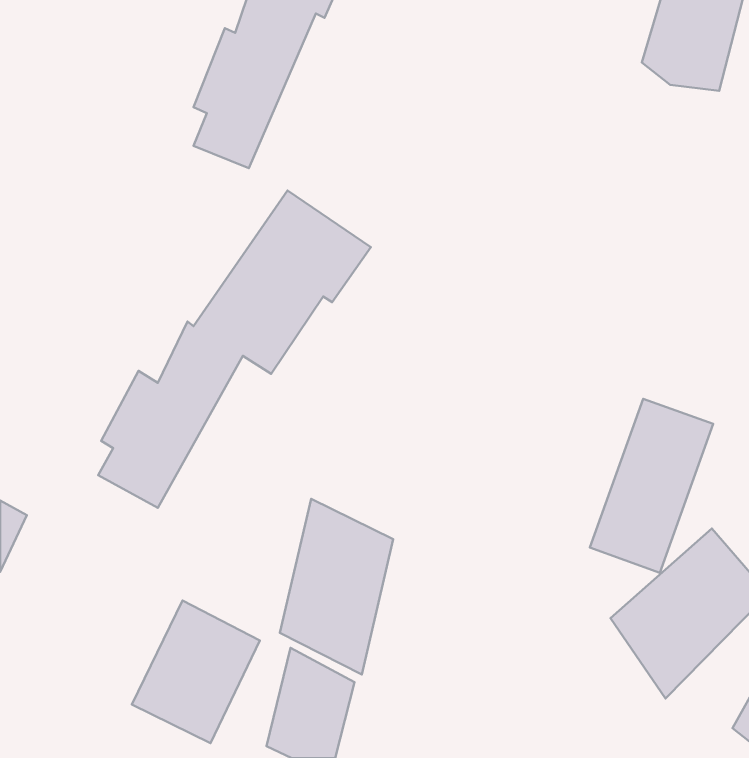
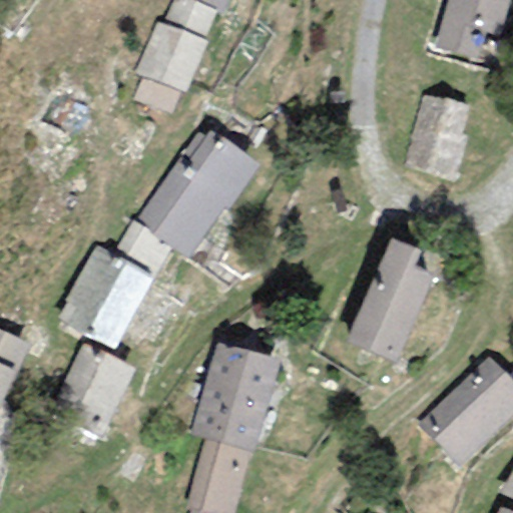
building: none -> [412,88,475,186]
building: [590,399,713,573] -> [350,235,433,353]
building: [132,600,260,743] -> [52,342,138,438]

